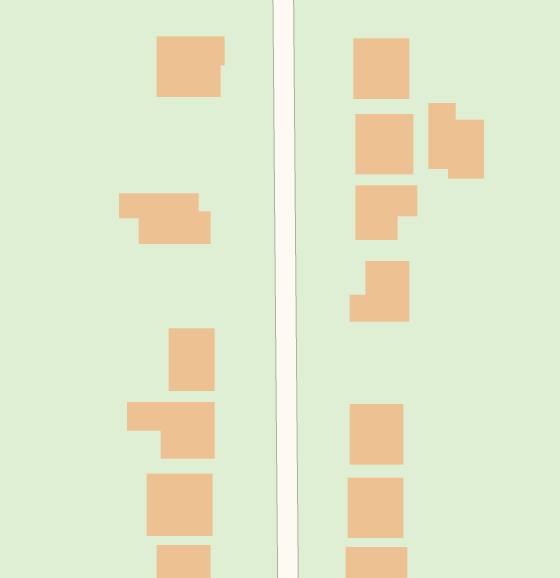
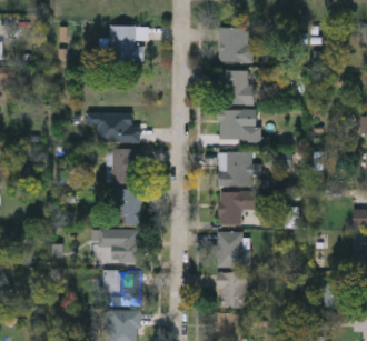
building: [428,102,485,180] -> none
building: none -> [112,150,141,184]
building: none -> [219,192,259,225]

